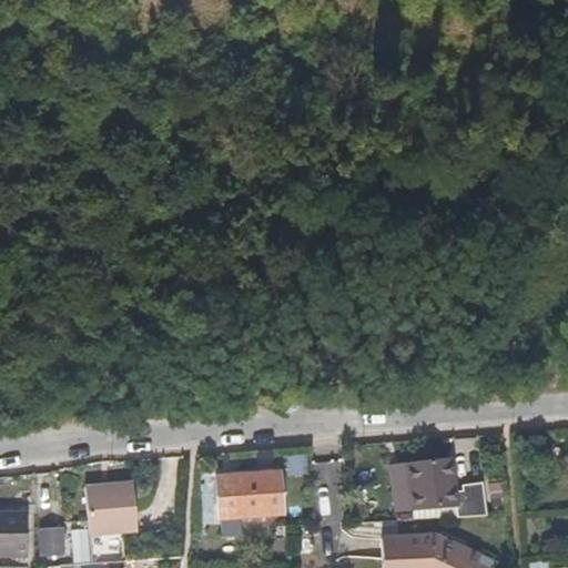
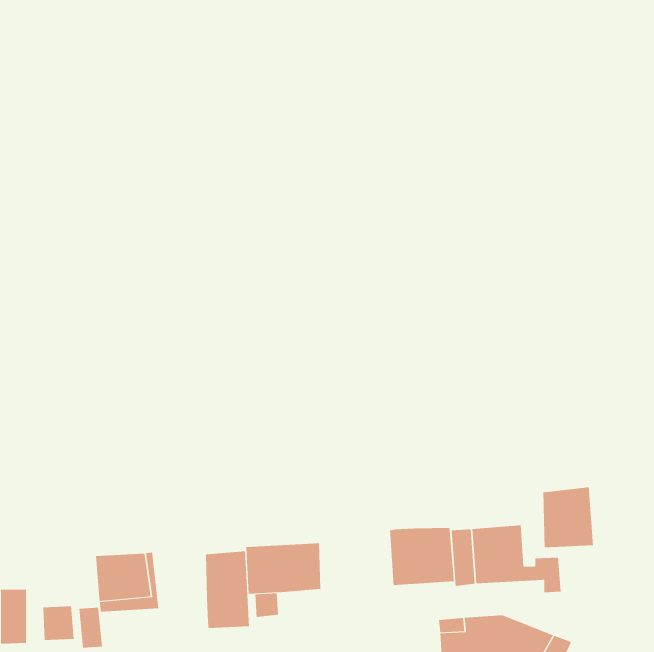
building: none -> [543,487,593,548]
building: none -> [389,527,455,586]
building: none -> [206,551,250,629]

